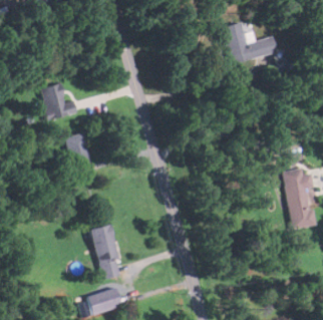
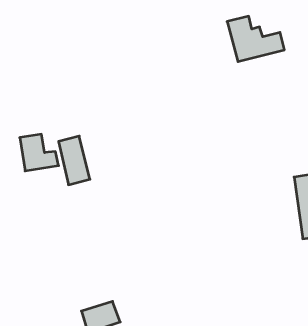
building: [42,84,78,118] -> [20,134,59,171]
building: [92,224,121,278] -> none

